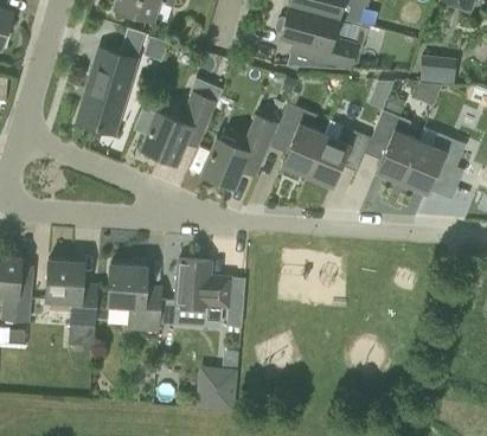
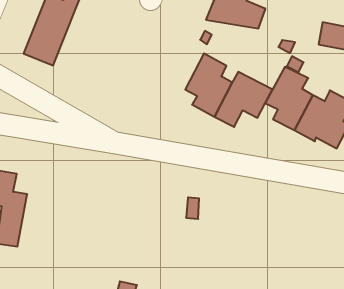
building: [140,90,217,162] -> none
building: [203,114,278,186] -> none
building: [173,259,231,326] -> none
building: [108,263,160,333] -> none

